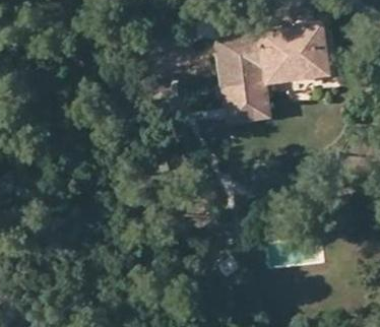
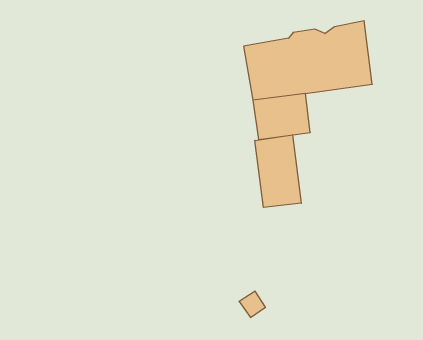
building: none -> [255,135,301,207]

